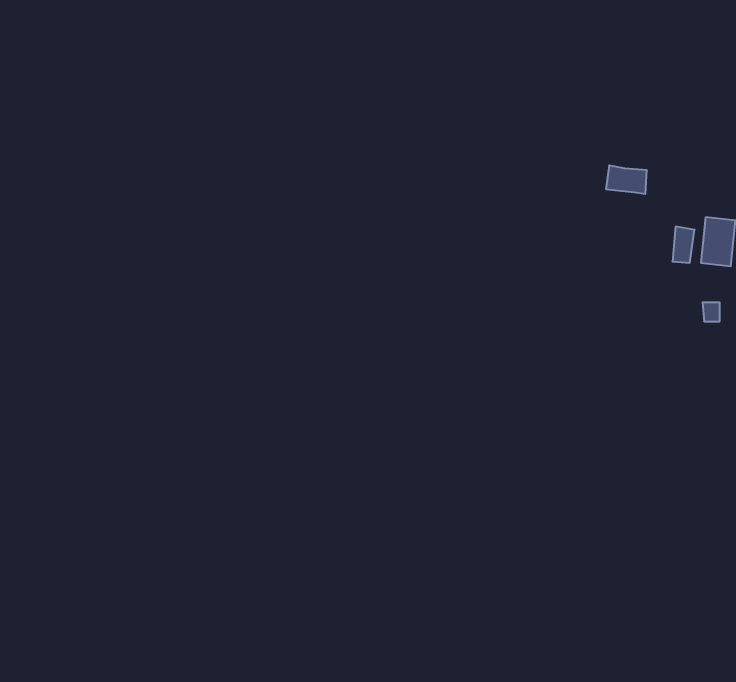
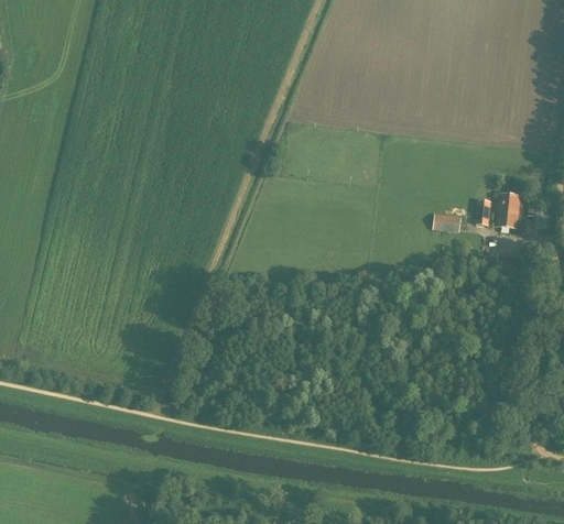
building: [606,165,647,194] -> [433,212,462,232]

